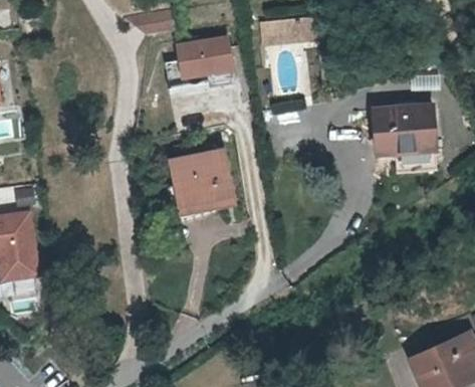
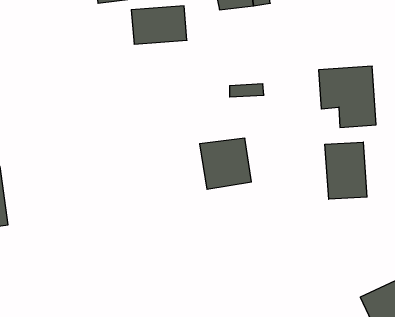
building: [174,156,230,211] -> [200,138,251,189]
building: none -> [325,142,367,199]

